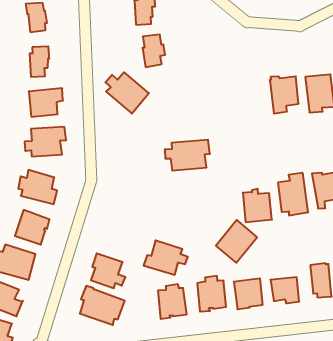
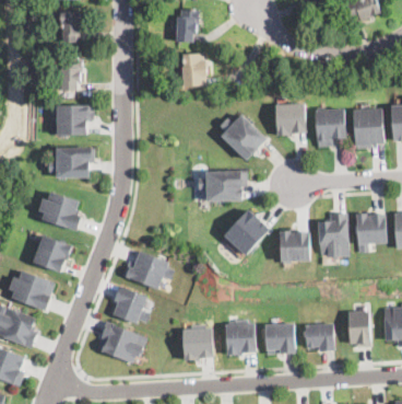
building: [105,72,149,114] -> [221,115,267,160]
building: none -> [275,103,306,136]
building: [216,220,257,263] -> [225,209,270,255]
building: [144,240,188,275] -> [125,251,173,289]

